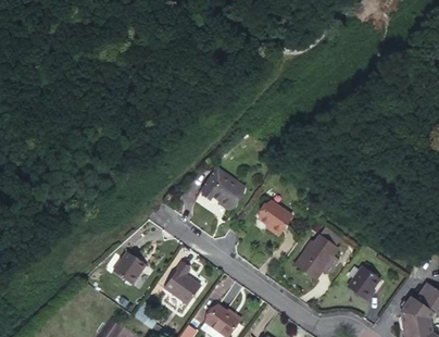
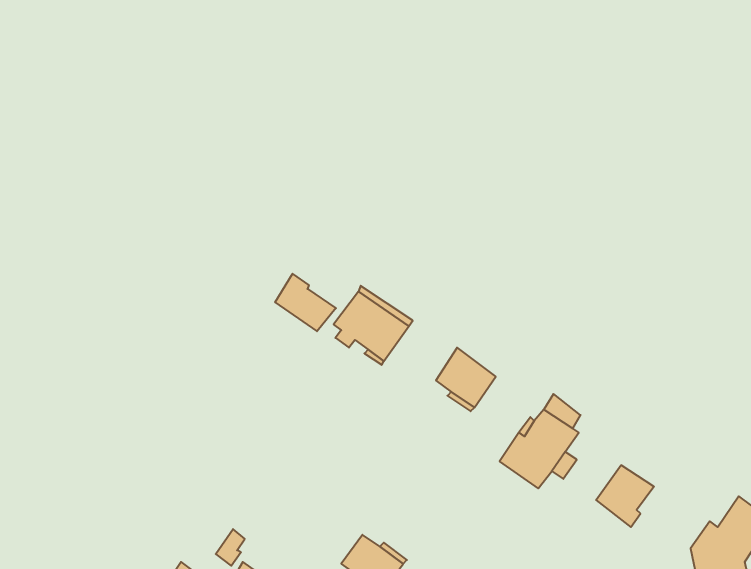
building: none -> [275,274,336,331]
building: [112,250,141,284] -> none
building: [163,264,200,303] -> none

